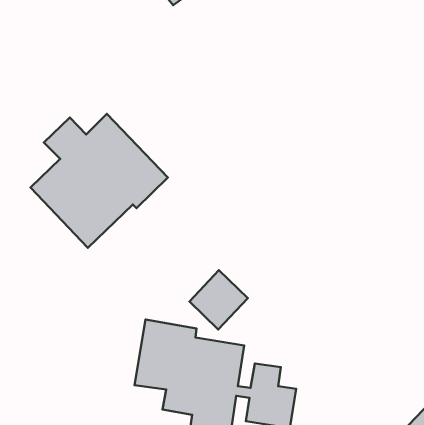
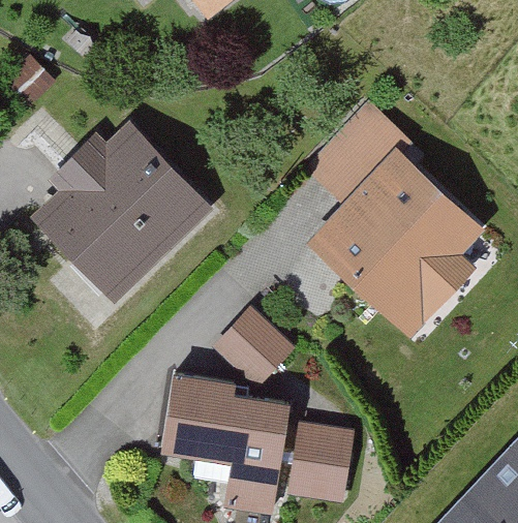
building: none -> [317,106,473,327]

